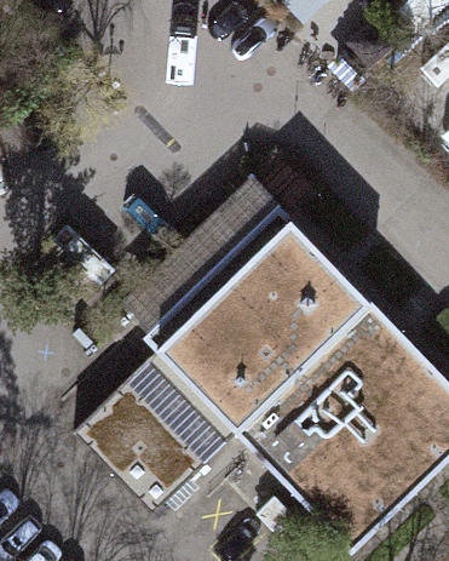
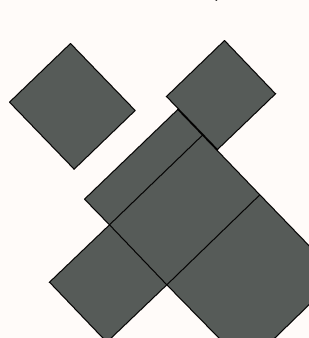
building: none -> [166,41,276,150]
building: none -> [10,44,135,169]

